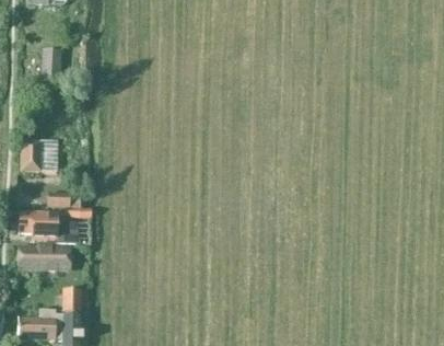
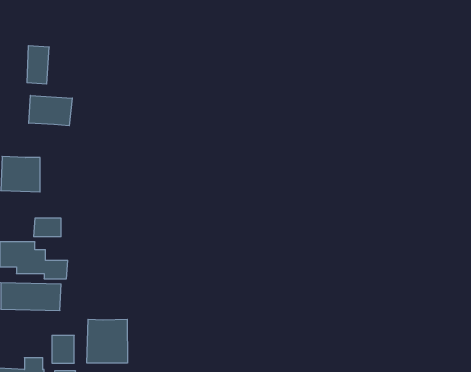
building: none -> [29,95,72,126]
building: none -> [87,319,127,363]

